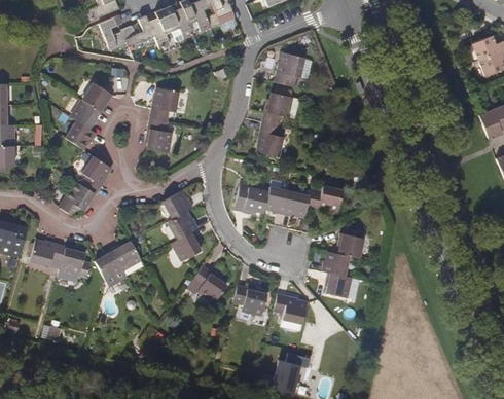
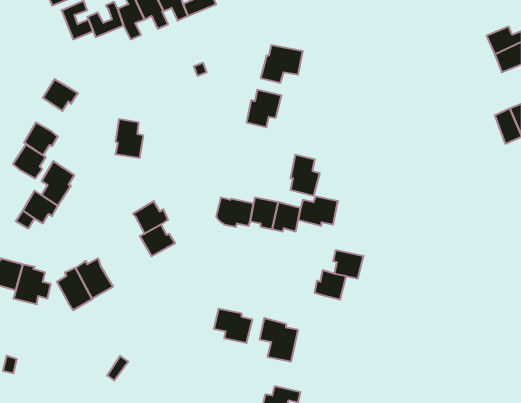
building: [149,87,178,120] -> none
building: [71,99,100,129] -> [13,144,46,178]
building: [257,120,283,156] -> [290,155,320,196]
building: [171,229,200,259] -> none
building: [192,264,226,301] -> none
building: [325,271,359,299] -> none

